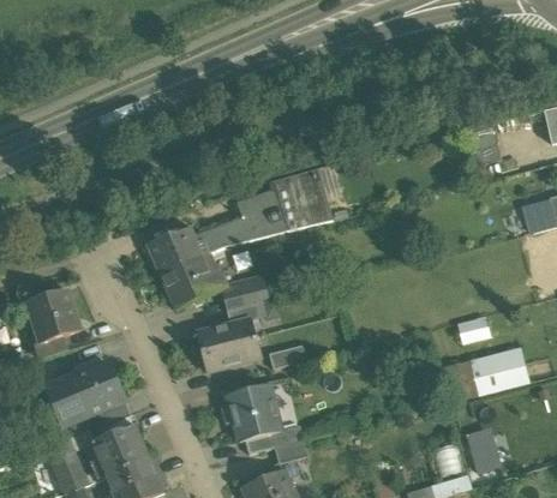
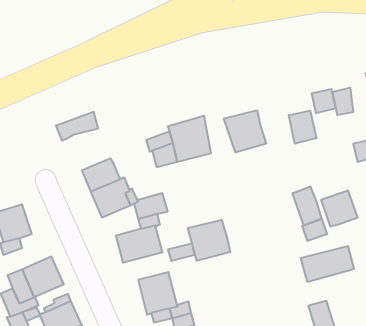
building: none -> [332,88,353,115]
building: none -> [224,110,266,152]
building: none -> [289,111,317,144]
building: [194,215,253,254] -> [56,112,98,141]
building: none -> [293,186,322,226]
building: none -> [321,190,357,227]
building: none -> [188,220,230,261]

